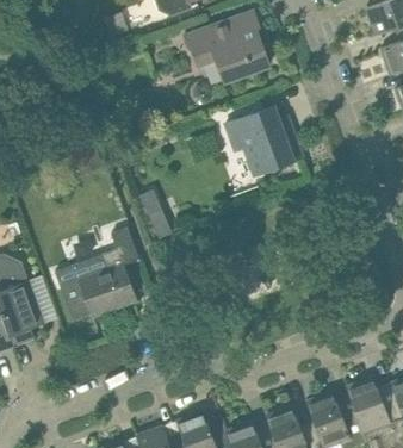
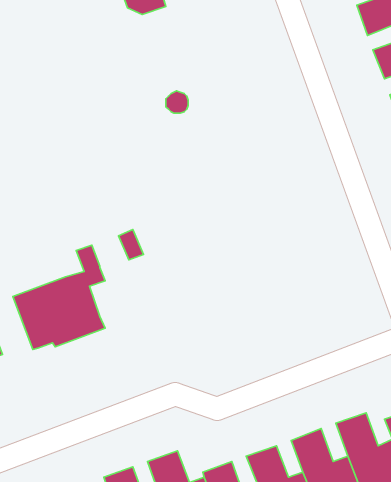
building: [186,18,268,82] -> none
building: [224,106,302,175] -> none

